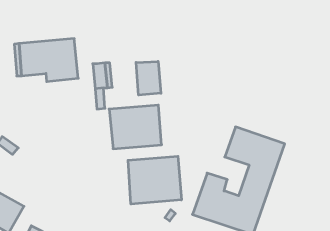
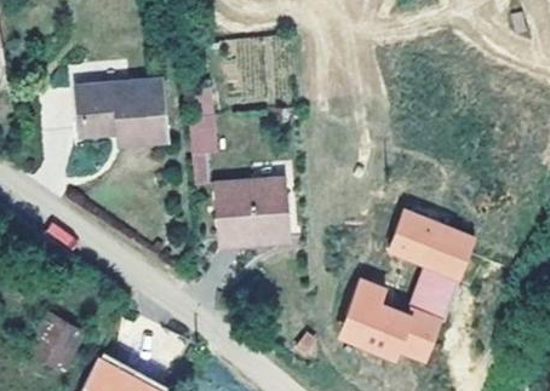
building: [136,61,161,95] -> none
building: [128,156,181,204] -> none

